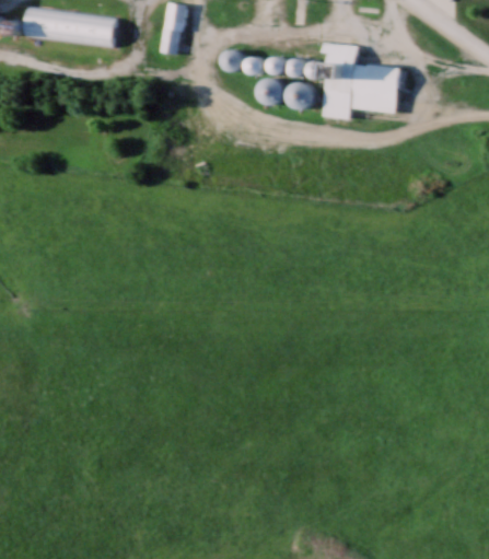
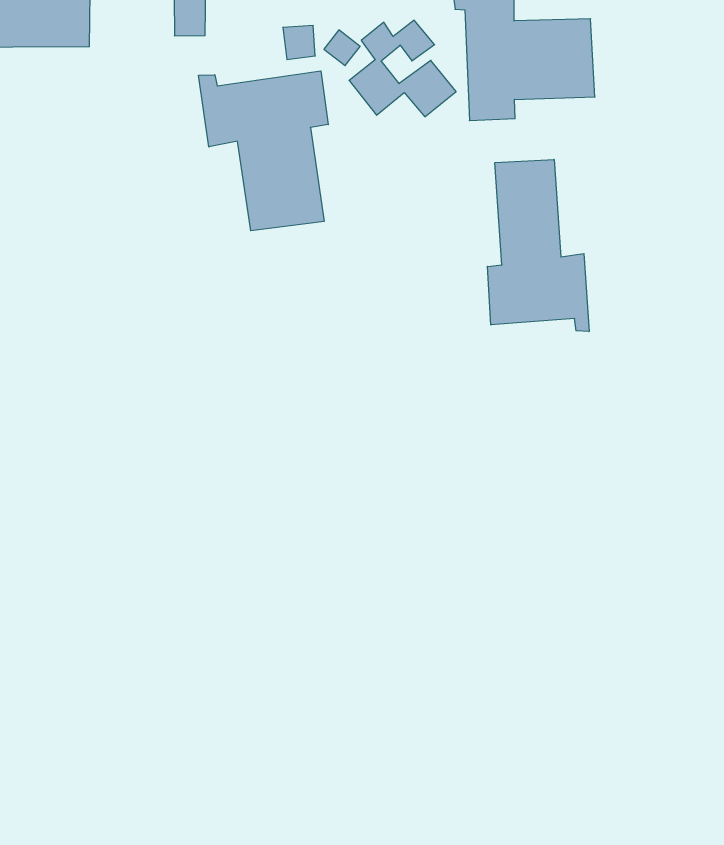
building: none -> [199,71,328,231]
building: none -> [487,159,589,332]

